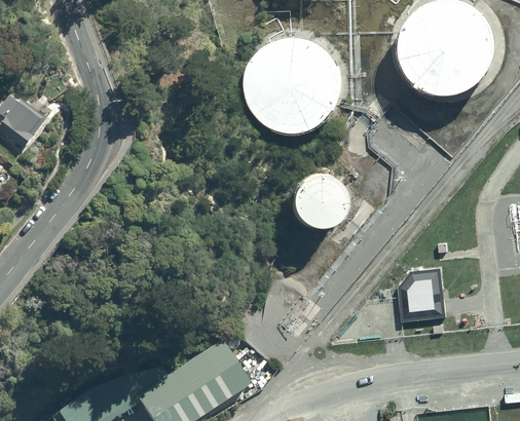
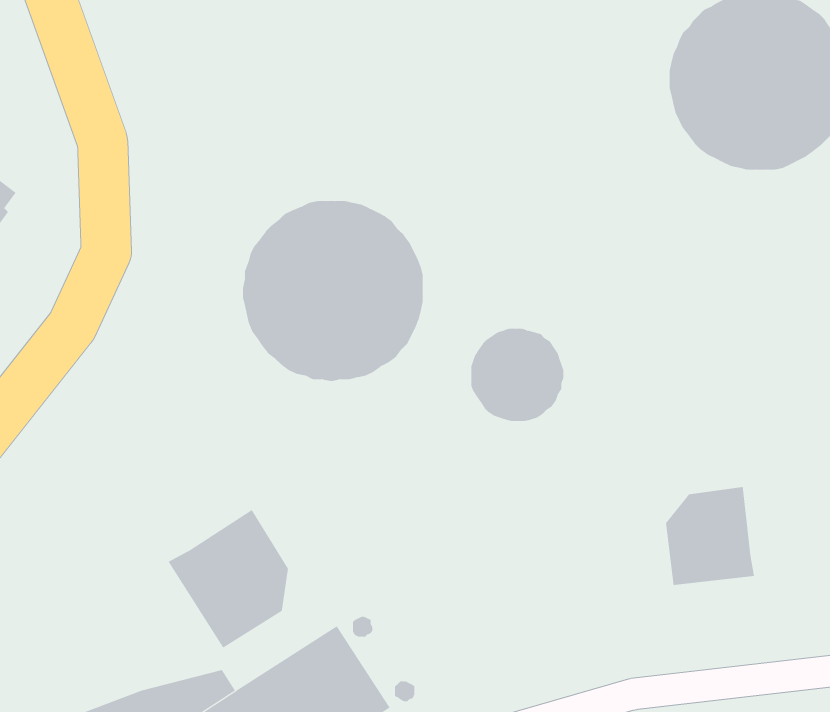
building: [245,38,342,136] -> [242,201,423,382]
building: none -> [168,509,288,649]

